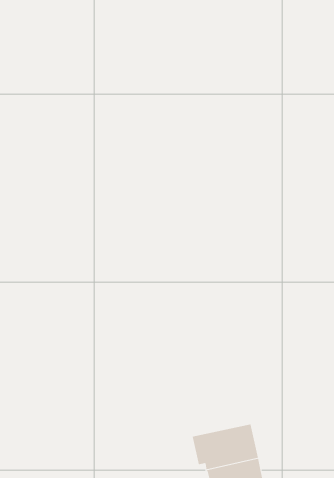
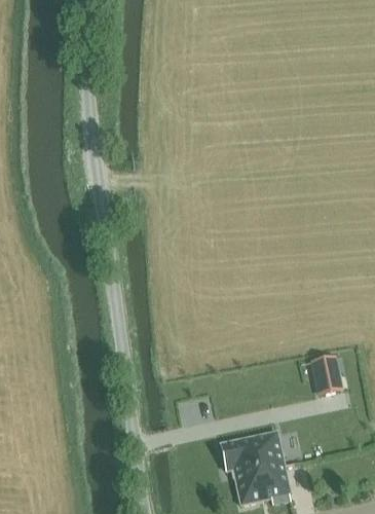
building: none -> [315,357,340,394]

